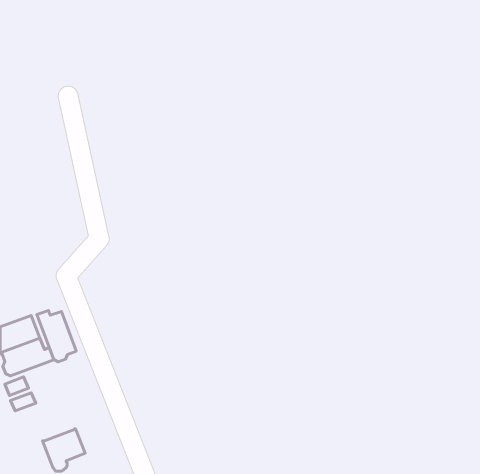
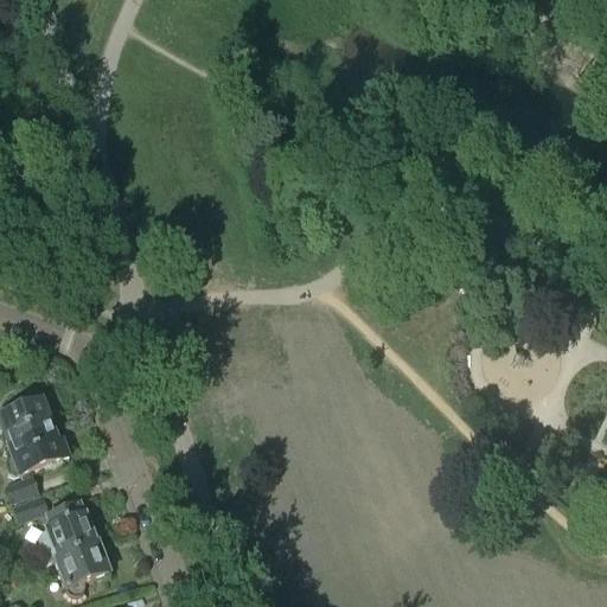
building: [37,310,76,362] -> none
building: none -> [39,499,97,557]

